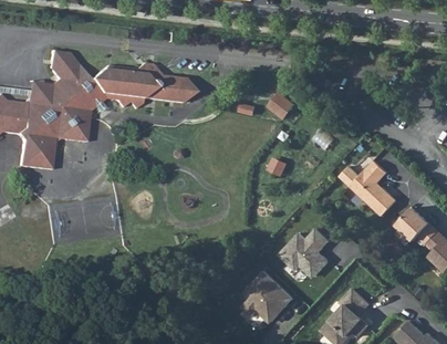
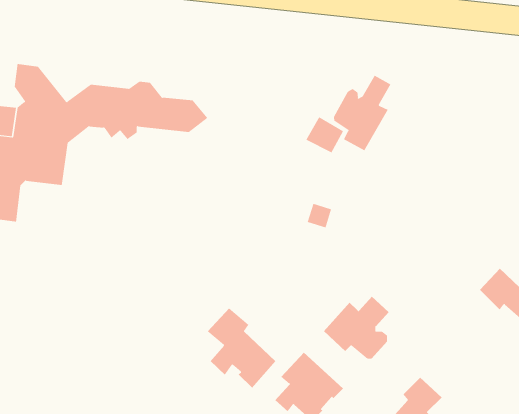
building: none -> [333,75,391,151]
building: [350,157,396,213] -> none
building: none -> [207,307,276,388]

